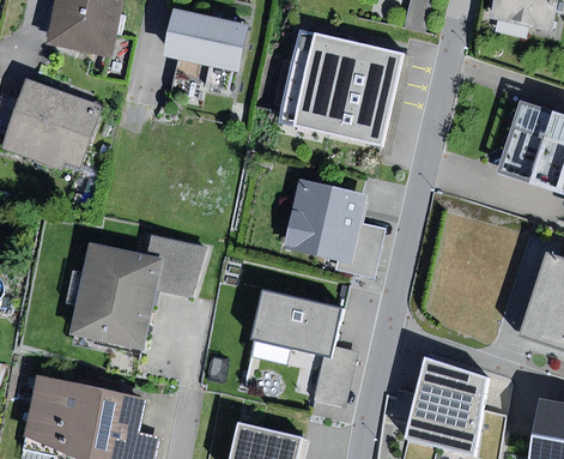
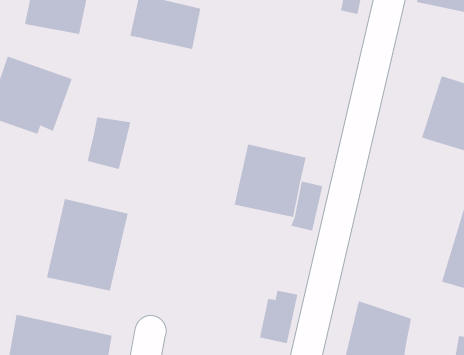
building: [278,30,400,145] -> none
building: [156,238,206,298] -> [87,117,131,169]
building: [250,289,341,356] -> none

